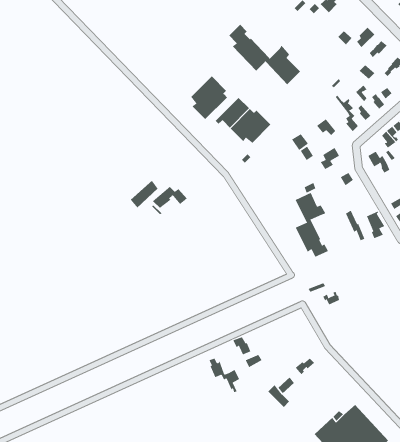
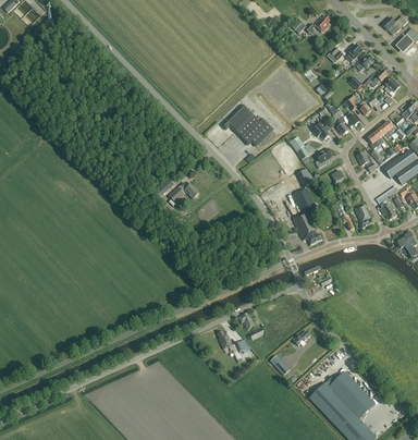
building: [229,24,301,85] -> none
building: [191,76,228,120] -> none

